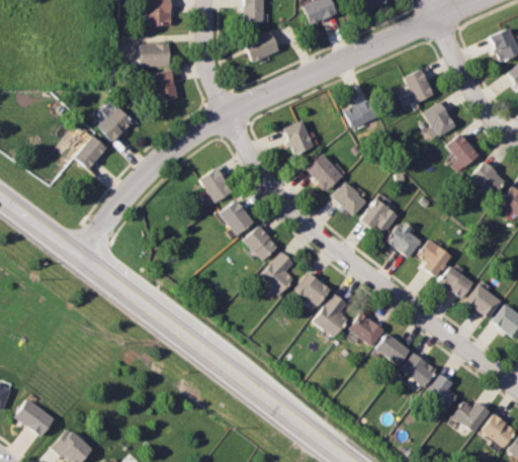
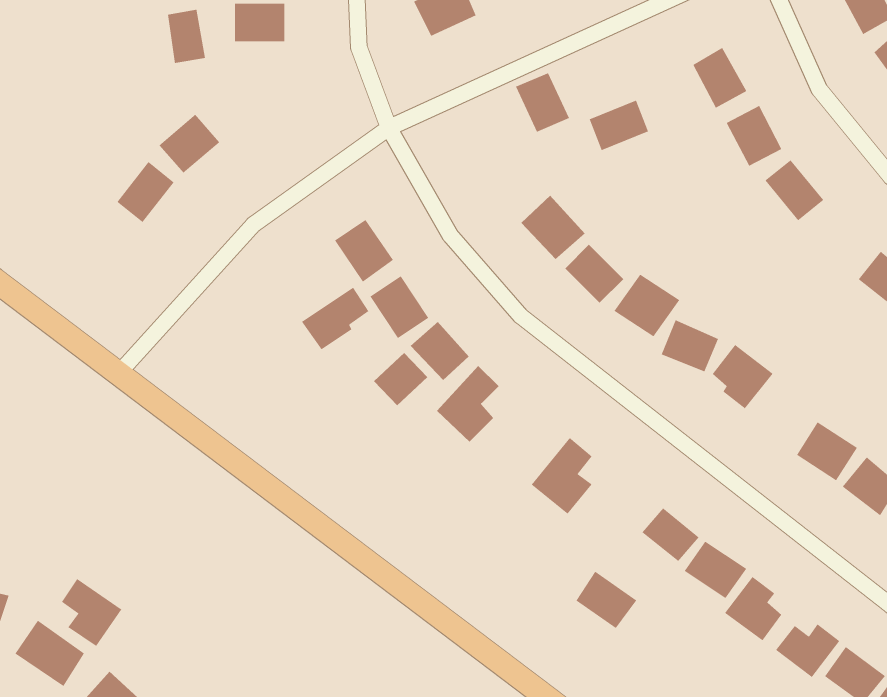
building: [155,70,177,101] -> [167,9,206,64]
building: [283,121,315,156] -> [515,73,570,132]
building: [471,162,506,196] -> none
building: none -> [301,287,369,350]
building: none -> [373,352,428,406]
building: [438,266,472,298] -> none
building: [294,272,329,306] -> none
building: [348,312,383,346] -> [576,571,637,629]
building: none -> [61,578,122,647]

